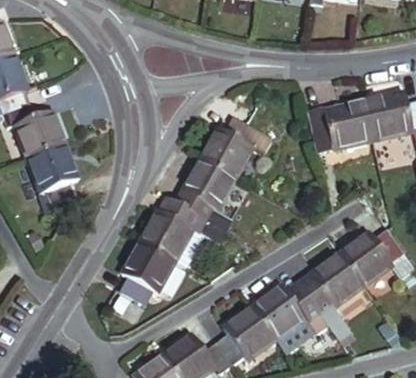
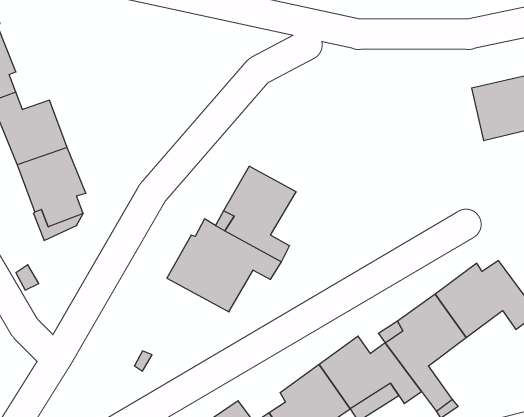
building: [309,100,374,151] -> none
building: [200,116,272,177] -> none
building: [121,241,174,303] -> none

